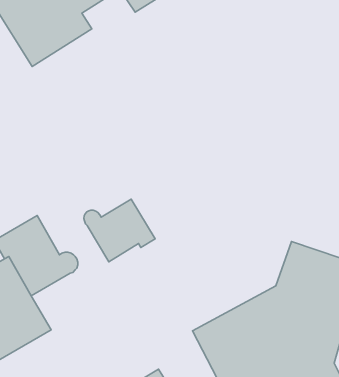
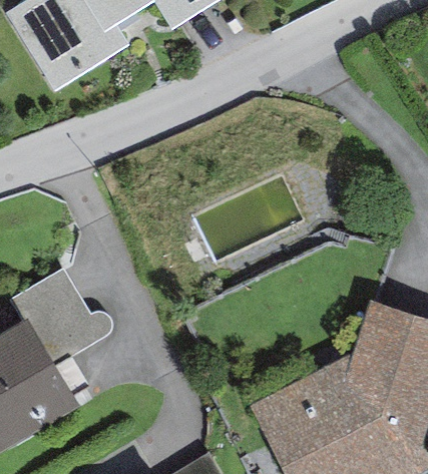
building: [84,199,155,262] -> none

